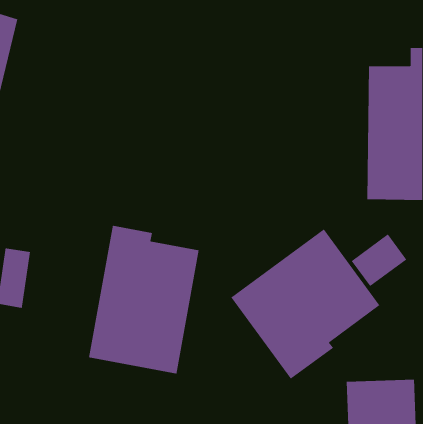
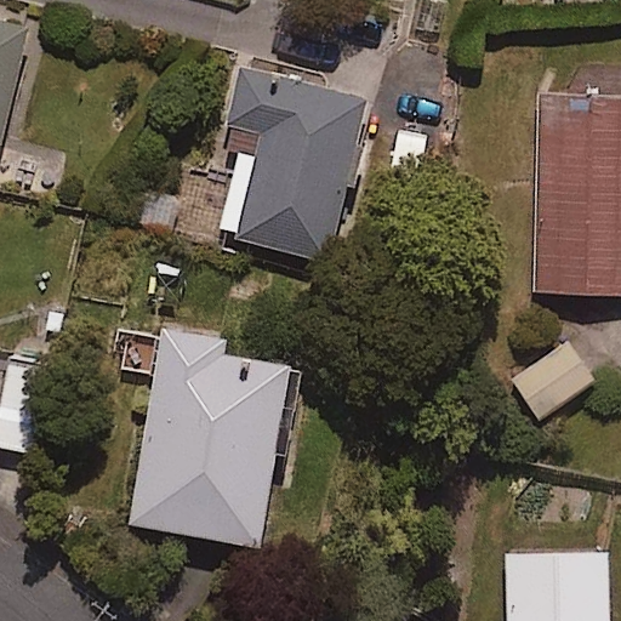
building: none -> [217,67,370,262]
building: [231,228,380,379] -> none

